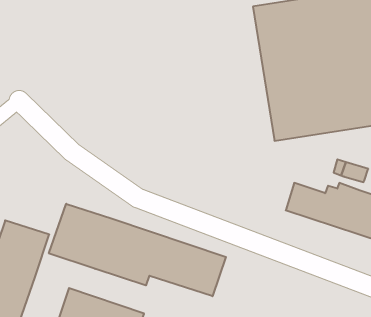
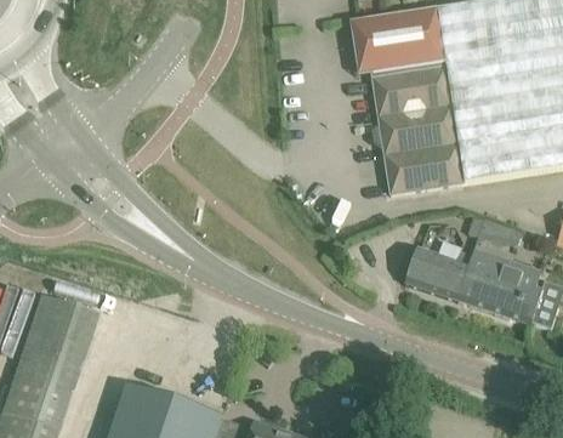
building: [49,204,226,296] -> none

